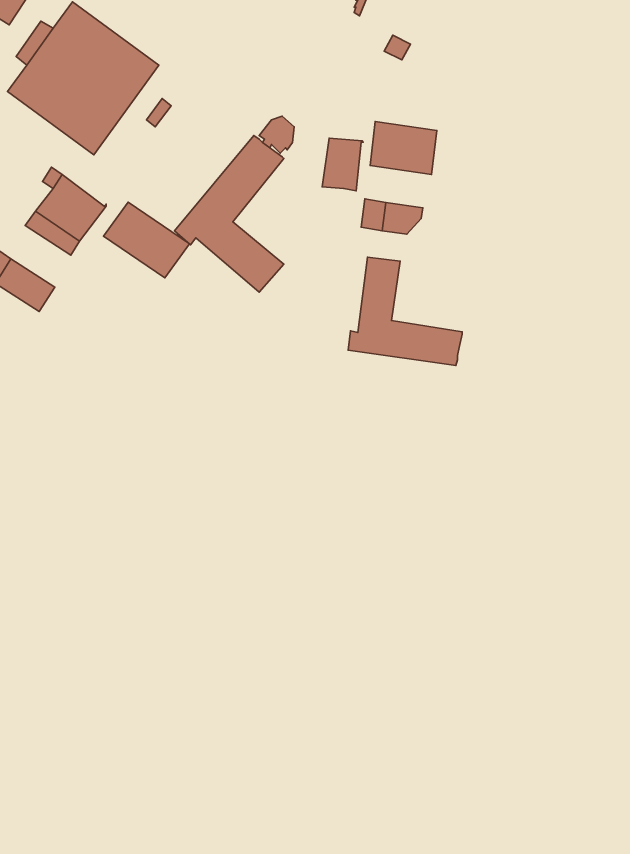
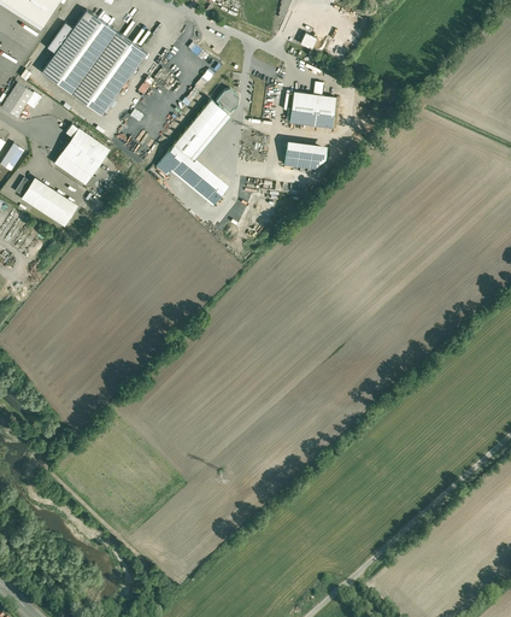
building: [322,138,363,191] -> none
building: [104,202,189,278] -> none
building: [348,257,462,365] -> none

